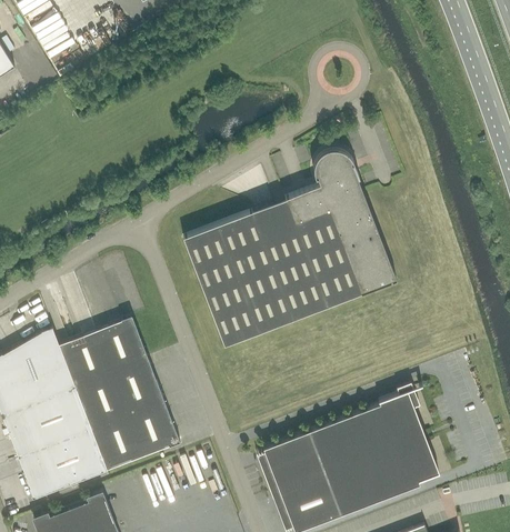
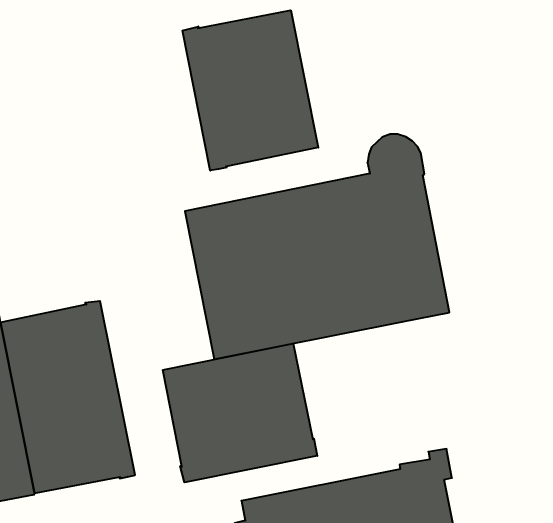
building: none -> [182,10,318,171]
building: none -> [163,343,317,482]

